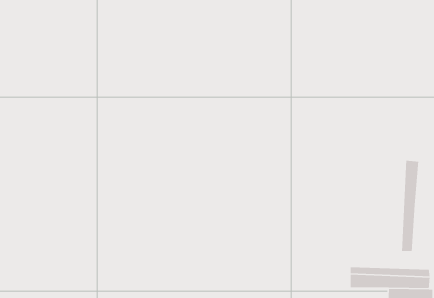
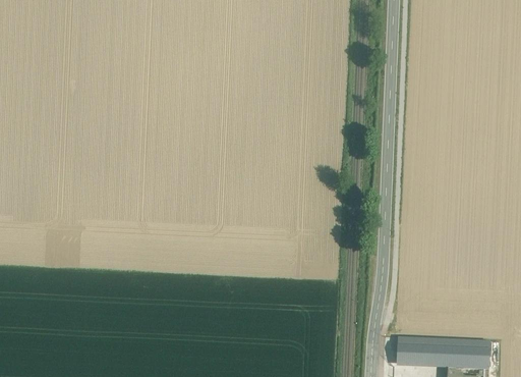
building: [401,160,419,252] -> none

